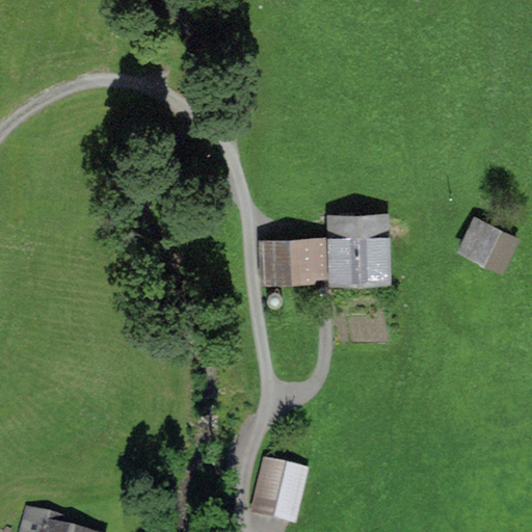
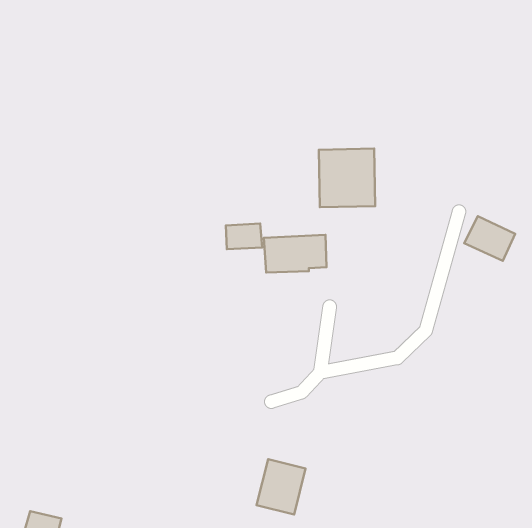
building: [330,217,387,275] -> [319,149,375,207]
building: none -> [226,223,262,249]

